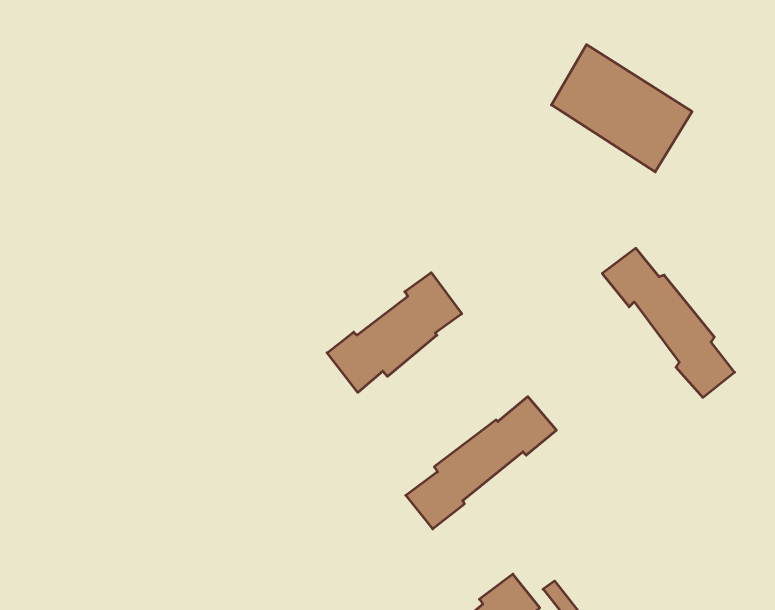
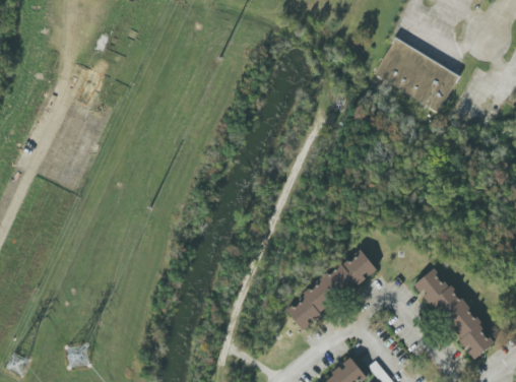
building: [602,248,735,397] -> [413,268,494,359]
building: [327,273,462,392] -> none

